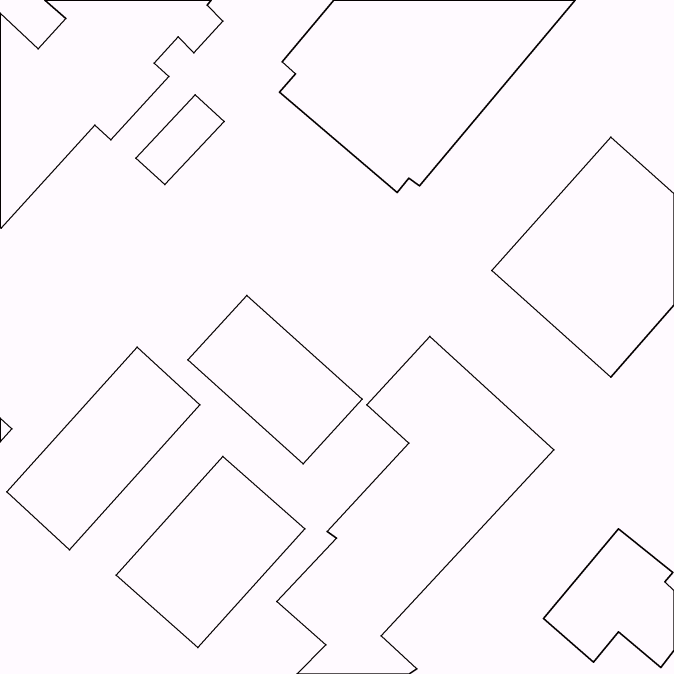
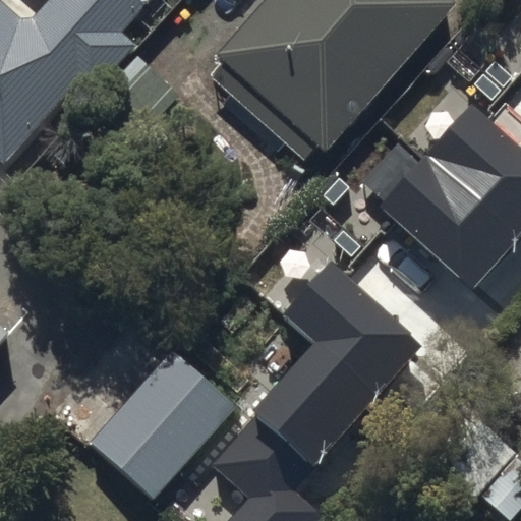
building: [188,295,362,464] -> none
building: [7,347,200,550] -> none

